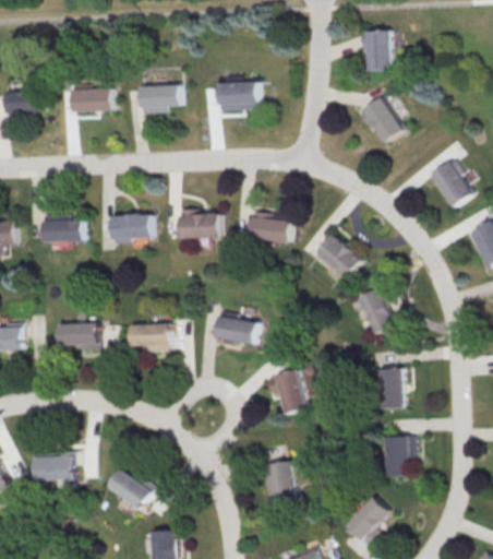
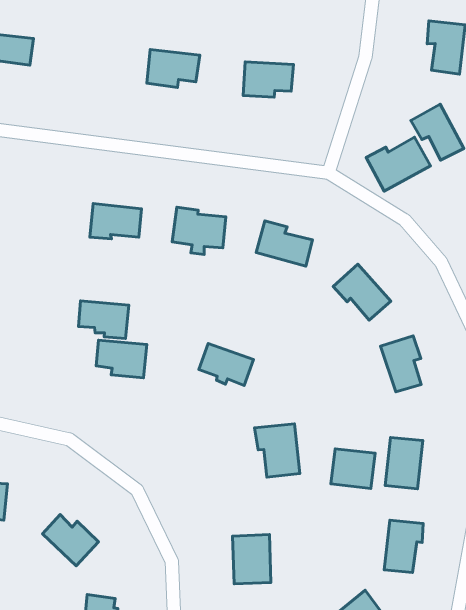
building: [72,88,113,114] -> none
building: none -> [366,137,430,191]
building: [44,214,84,243] -> none
building: [58,323,98,352] -> [78,301,129,339]
building: none -> [331,449,375,488]

